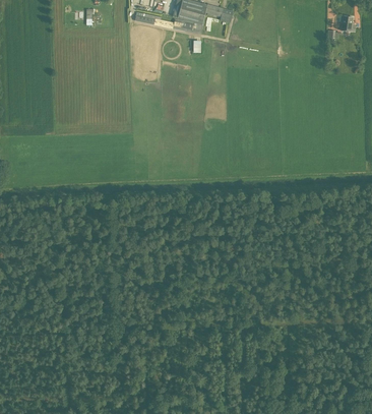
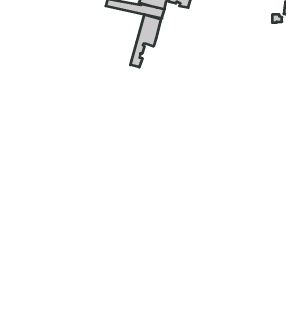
building: none -> [130,14,161,67]

